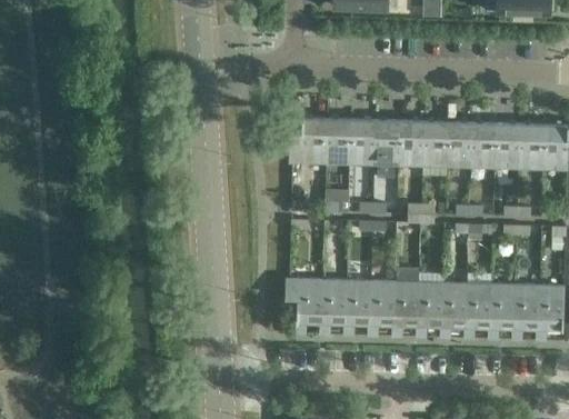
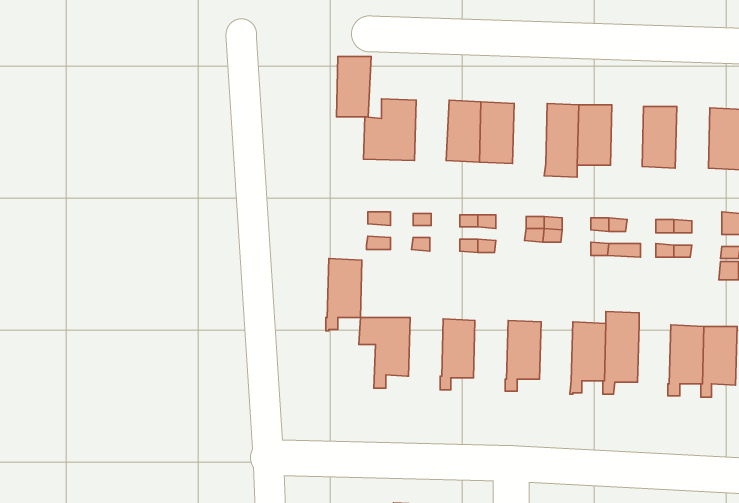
building: [326,119,351,163] -> [336,57,371,117]
building: [398,121,423,166] -> none
building: [470,122,495,168] -> none
building: [518,123,543,169] -> none
building: [416,273,443,335] -> none
building: [320,279,347,332] -> [326,259,362,331]
building: [368,281,395,333] -> none
building: [488,285,515,337] -> none

